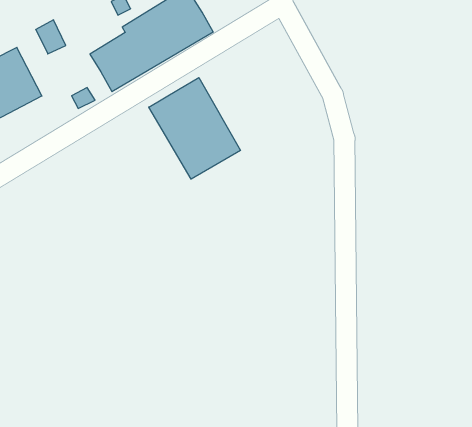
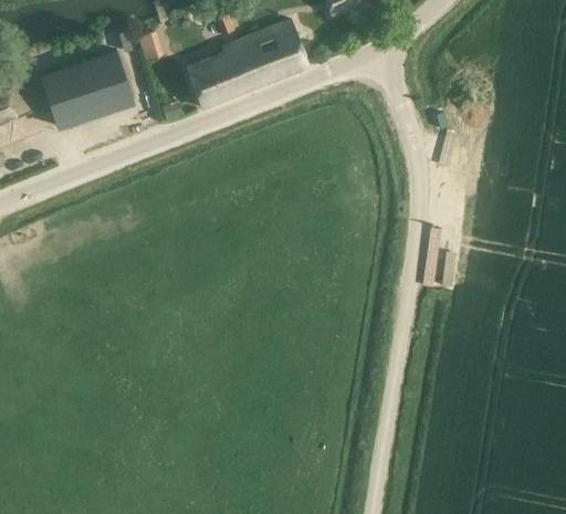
building: [149,78,240,179] -> none

